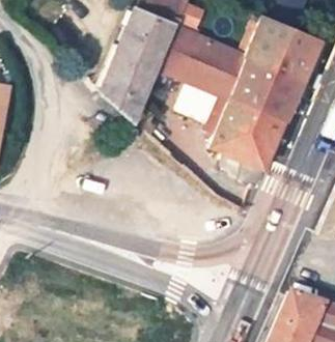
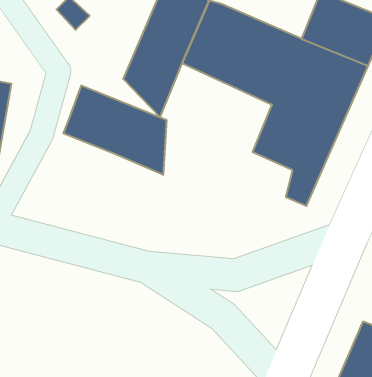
building: none -> [63,85,166,175]

